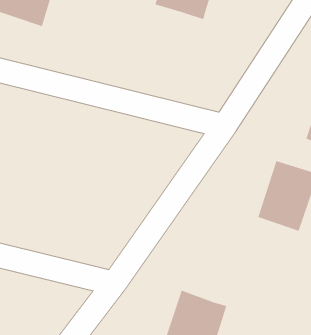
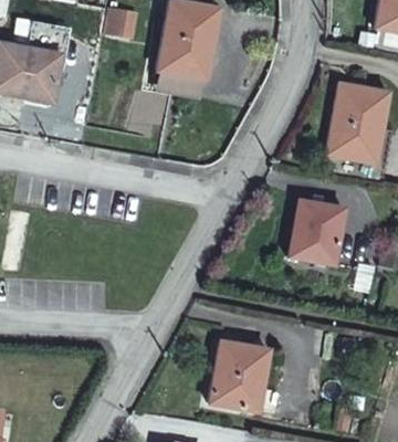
building: none -> [155,60,210,91]

